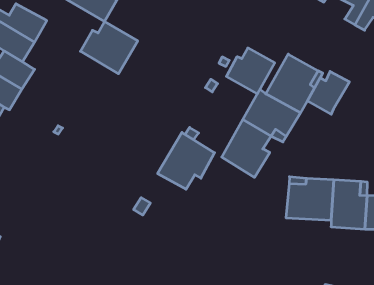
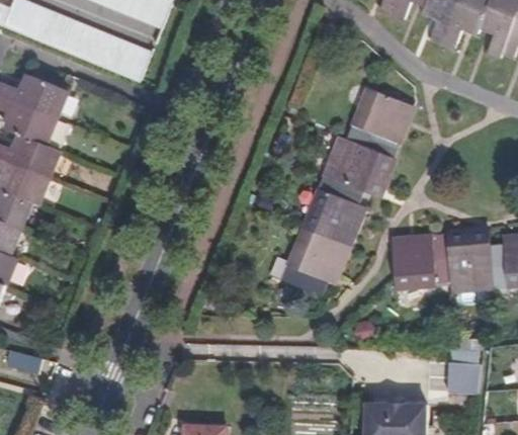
building: [80,22,138,74] -> none
building: [226,48,275,94] -> none
building: [308,71,349,114] -> none
building: [158,132,215,189] -> [282,225,348,293]

